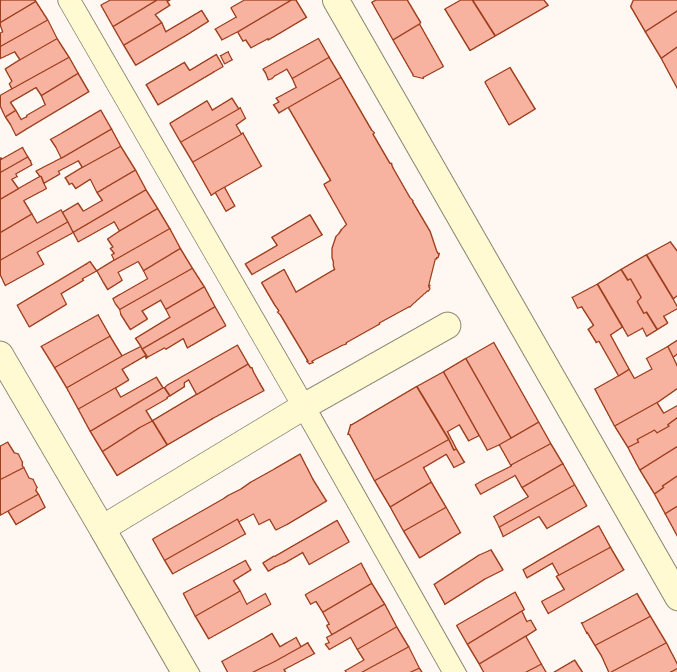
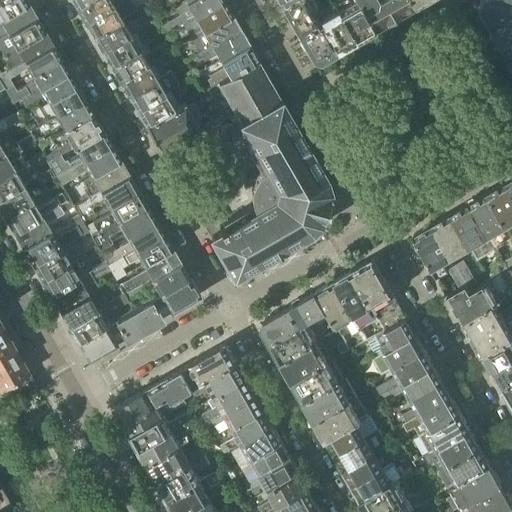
building: none -> [190,18,241,57]
building: none -> [103,31,150,69]
building: [485,68,535,125] -> [317,12,355,55]
building: none -> [120,59,167,98]
building: none -> [21,74,77,109]
building: [245,215,322,275] -> [122,250,180,295]
building: none -> [5,196,66,235]
building: none -> [23,218,88,266]
building: none -> [415,229,467,292]
building: none -> [203,382,255,424]
building: none -> [403,386,452,427]
building: none -> [317,404,362,445]
building: none -> [221,413,273,456]
building: none -> [131,416,192,452]
building: none -> [414,434,481,474]
building: none -> [336,441,389,476]
building: none -> [158,460,210,503]

